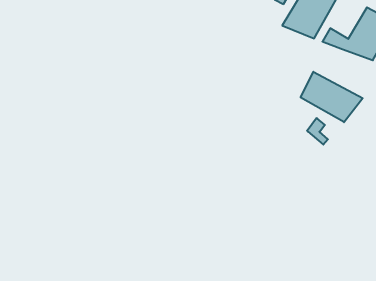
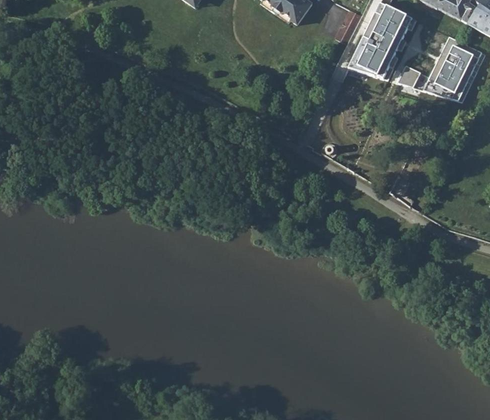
building: [301,72,363,122] -> none

